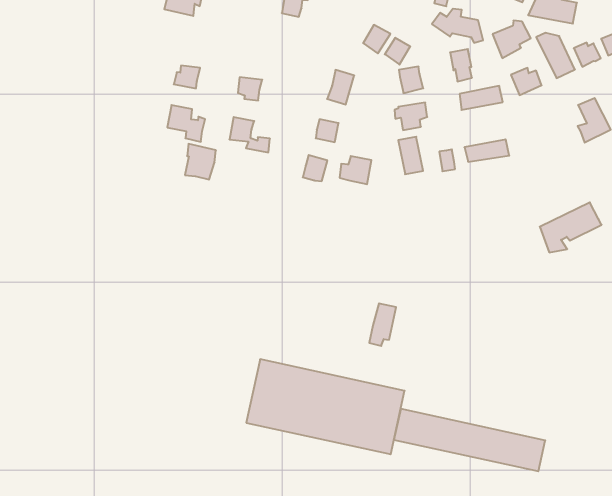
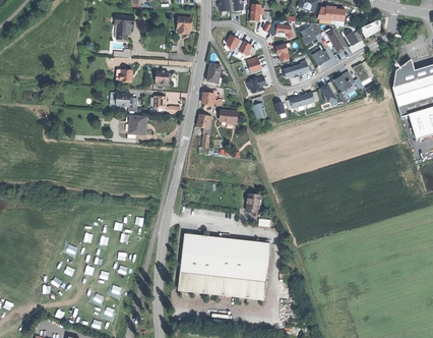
building: [540,202,602,252] -> [320,70,356,102]
building: [394,409,545,471] -> [179,272,266,299]

